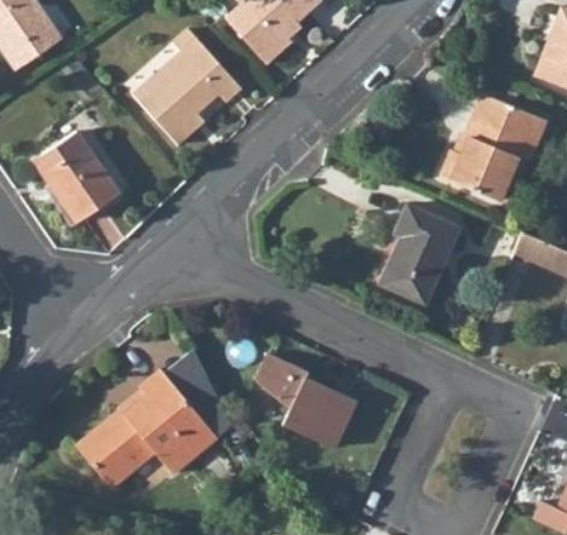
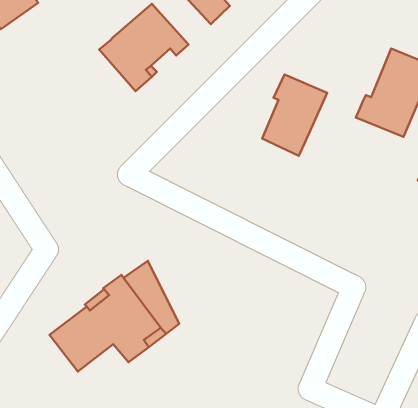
building: [35,134,120,224] -> none
building: [383,207,460,304] -> [262,75,327,156]
building: [253,352,351,445] -> none

